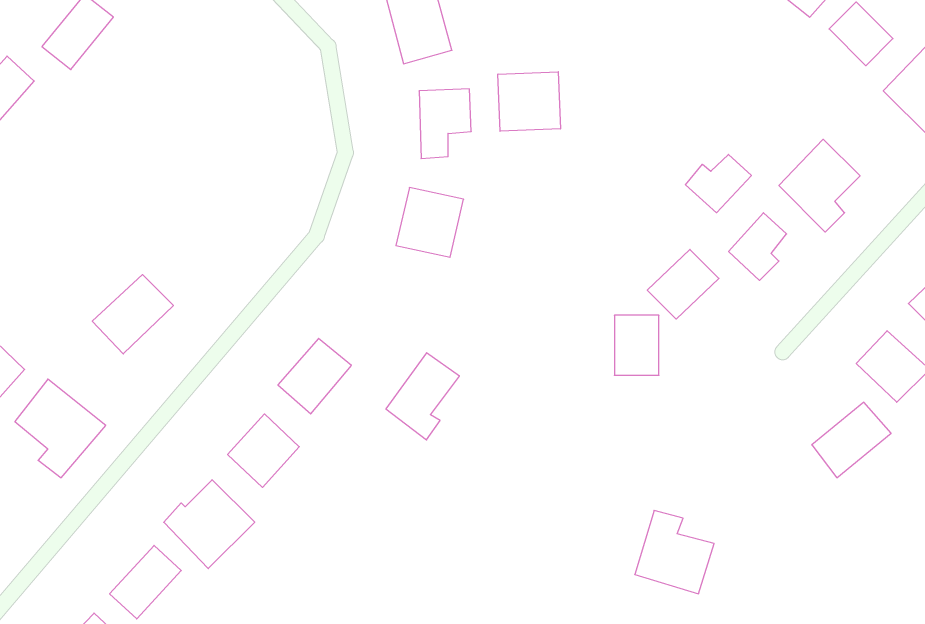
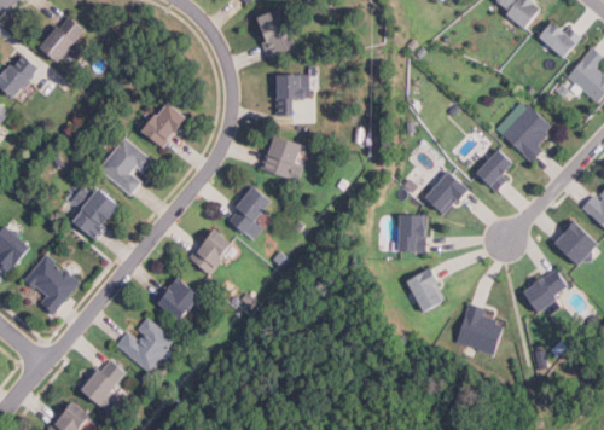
building: [498,72,560,131] -> none
building: none -> [143,103,188,149]
building: [685,154,751,213] -> none
building: none -> [98,138,152,196]
building: [386,353,459,440] -> [228,185,274,239]
building: none -> [407,268,448,312]
building: [635,510,714,594] -> [454,303,504,355]

